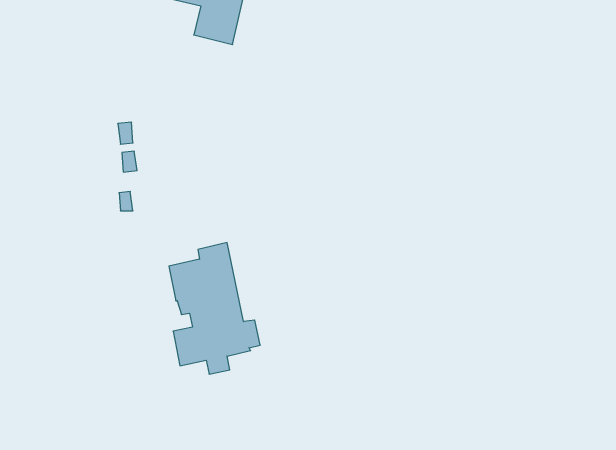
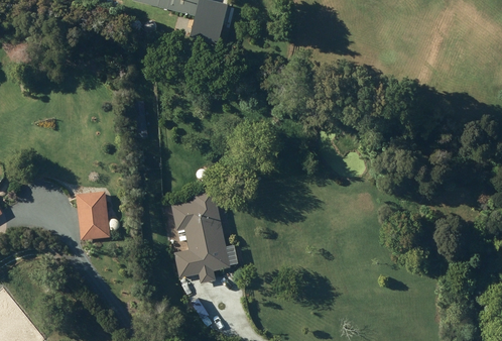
building: none -> [76,191,110,239]

